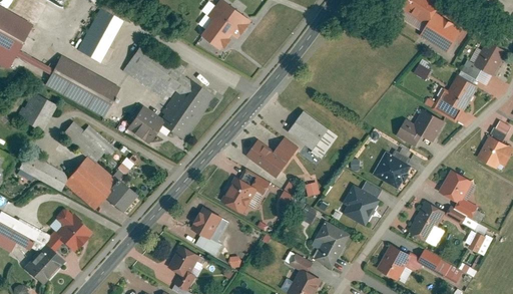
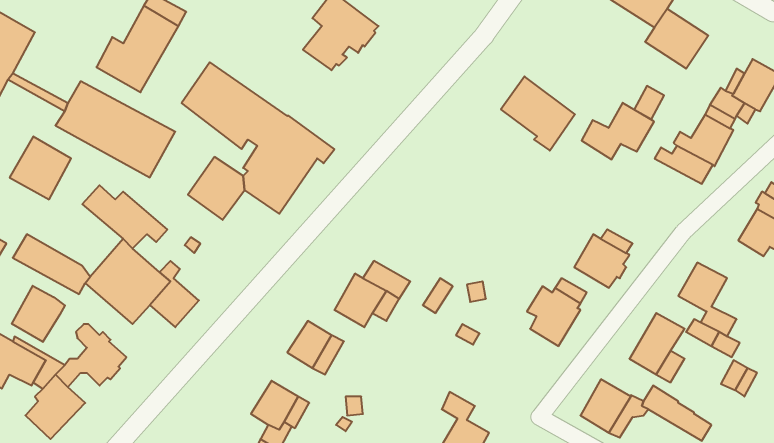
building: [288,109,335,157] -> [501,76,575,151]
building: [397,109,443,145] -> [582,103,654,159]
building: [246,137,298,177] -> none
building: none -> [12,286,65,342]
building: [315,221,350,267] -> none

